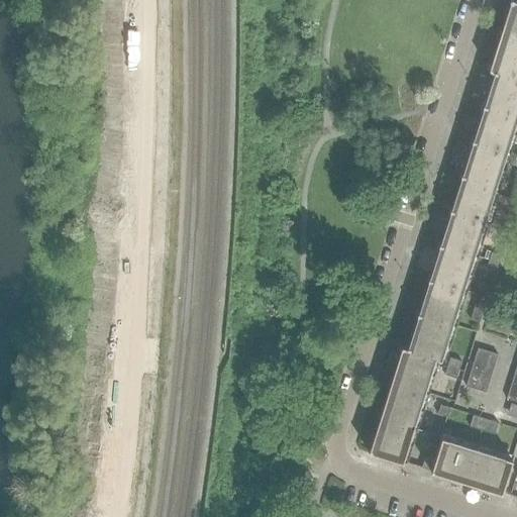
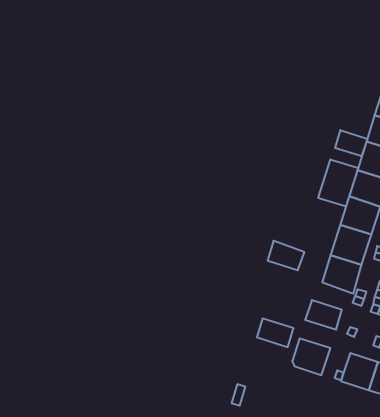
building: none -> [335,130,367,156]
building: none -> [318,159,358,207]
building: [395,347,440,384] -> [268,241,304,270]
building: [380,396,425,431] -> [257,319,294,347]

